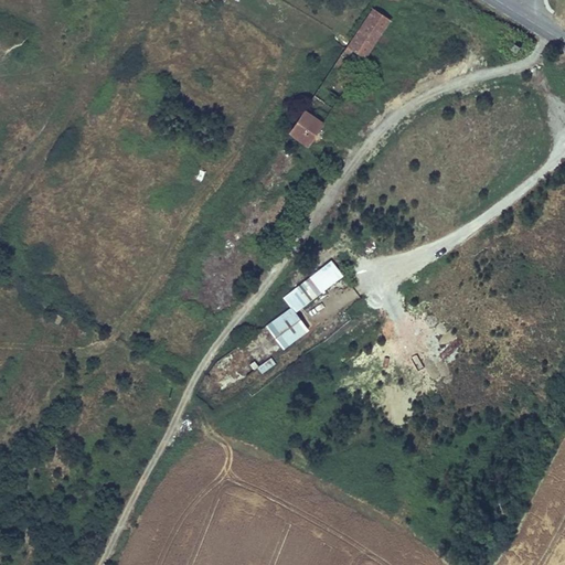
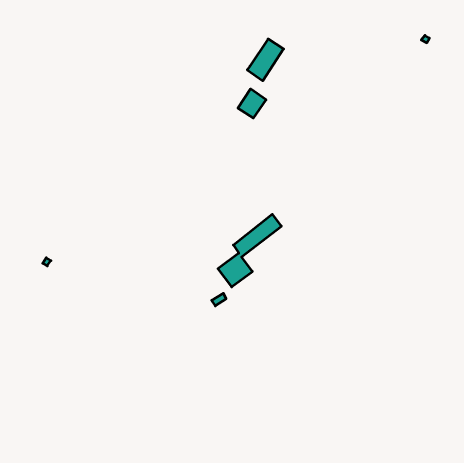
building: [347,9,391,60] -> [247,39,284,81]

